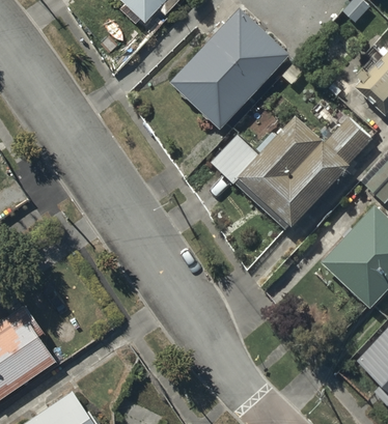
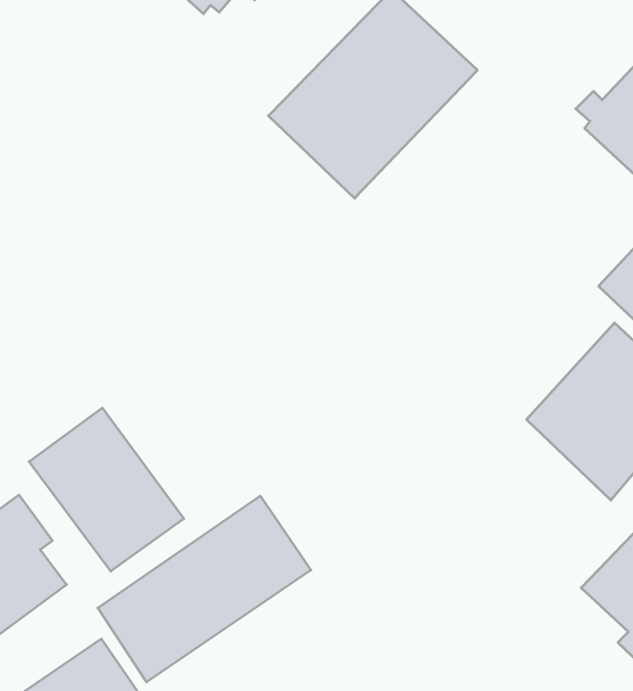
building: [214,115,372,229] -> none
building: none -> [29,408,184,571]
building: none -> [98,496,311,682]

